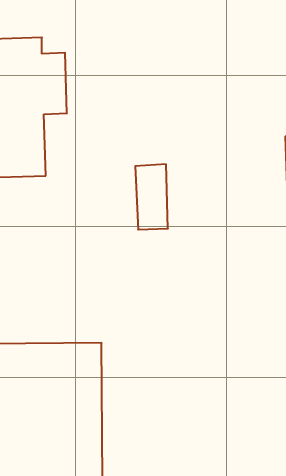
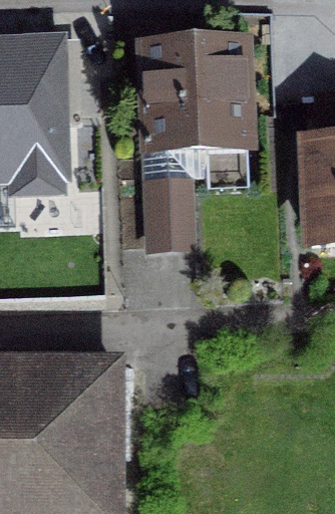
building: none -> [142,39,251,143]

